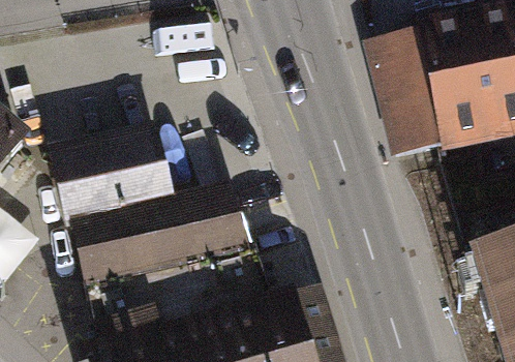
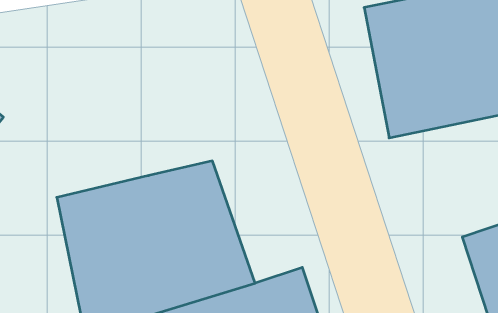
building: [60,139,166,227] -> none

